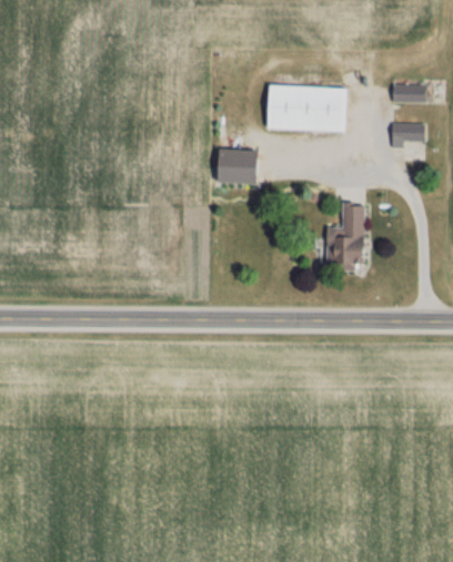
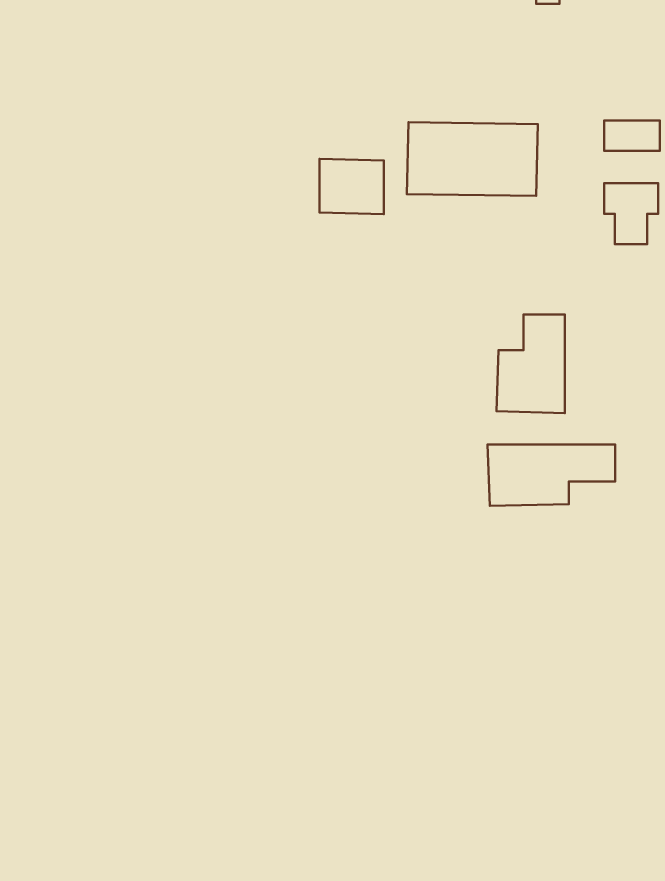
building: [218,150,258,184] -> [319,159,384,214]
building: none -> [487,444,615,506]

